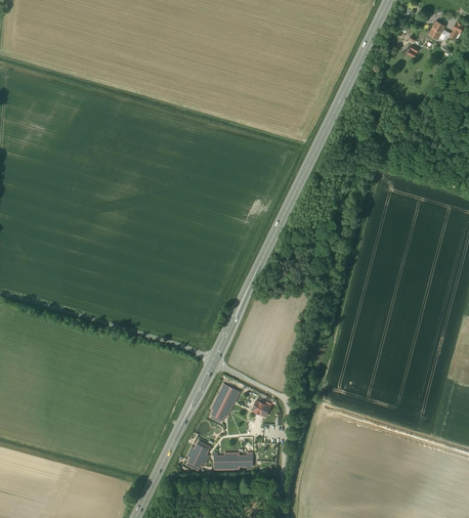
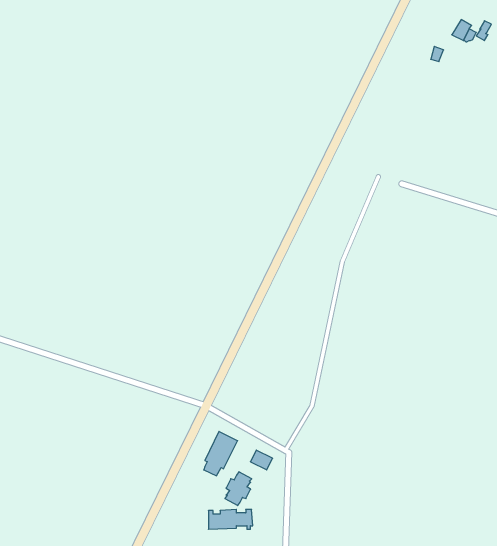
building: [185,441,209,471] -> [225,472,252,506]

